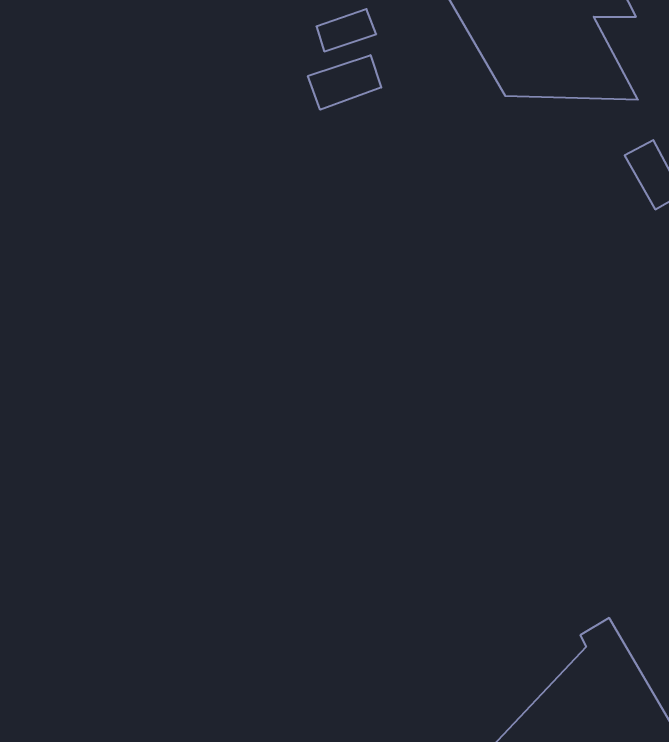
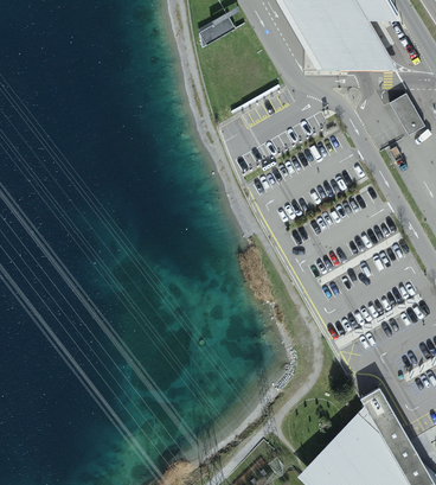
building: [308,55,381,110] -> none

